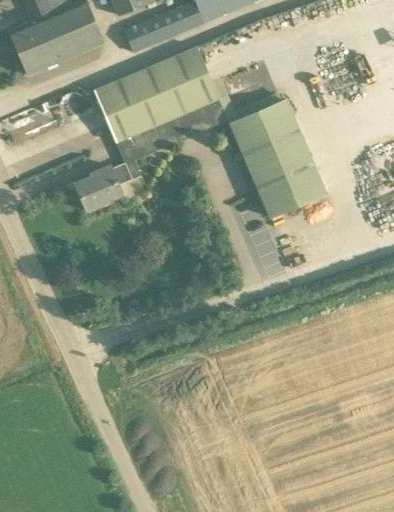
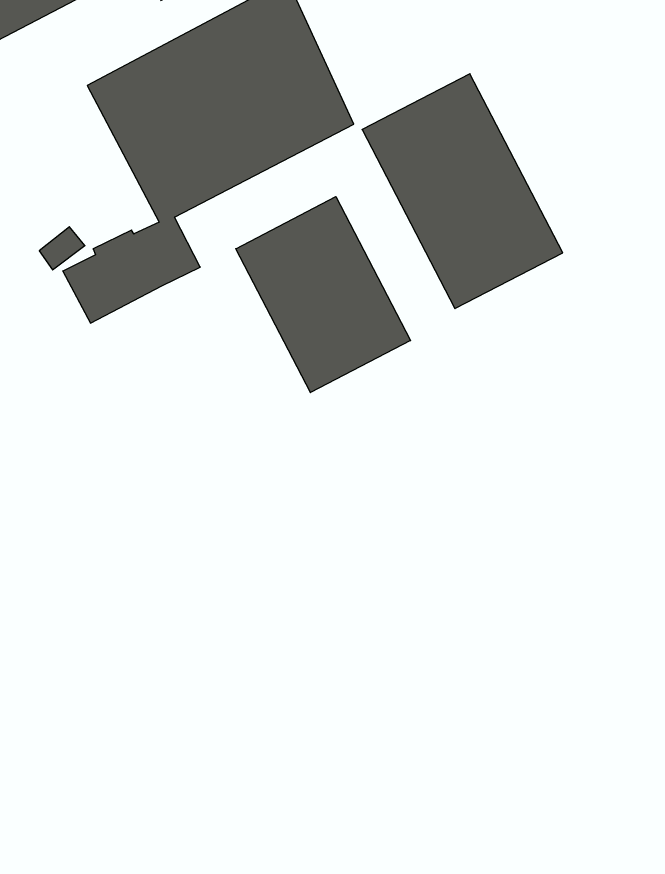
building: none -> [236,197,411,393]

